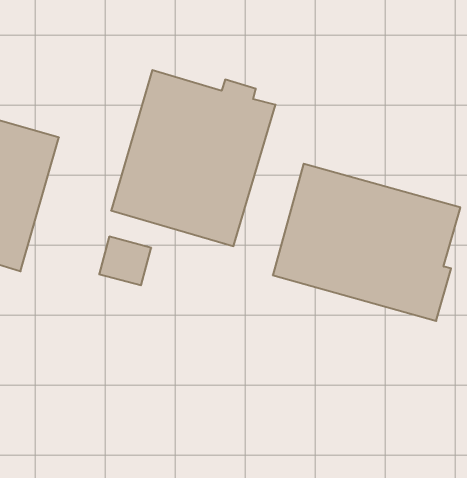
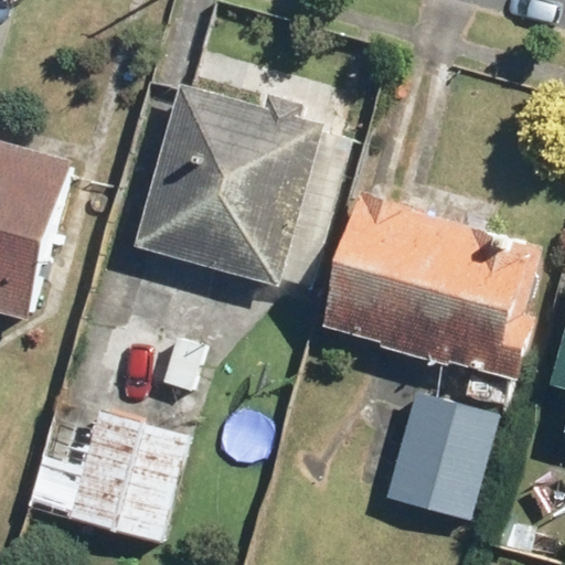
building: none -> [382,390,501,520]
building: none -> [67,408,189,542]

